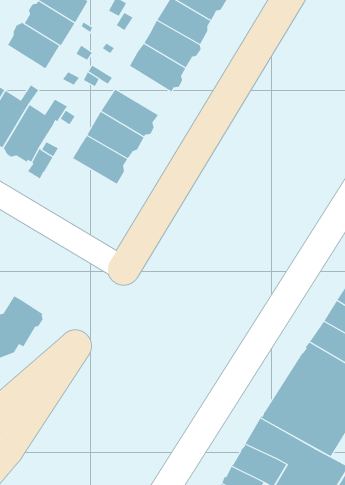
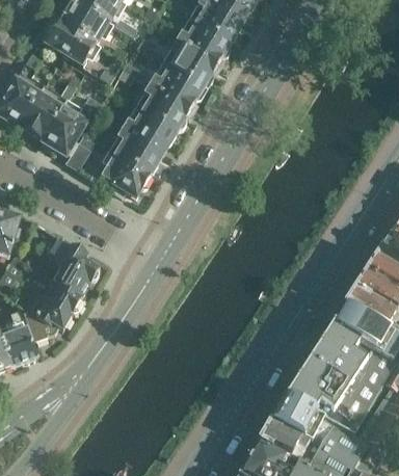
building: none -> [148,62,203,109]
building: none -> [91,150,150,196]
building: none -> [52,237,99,297]

